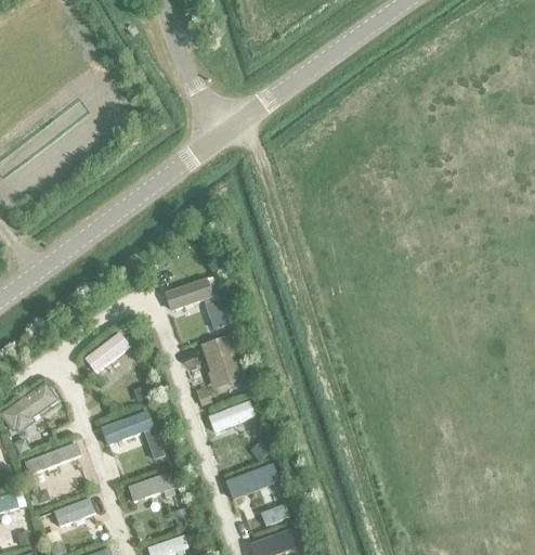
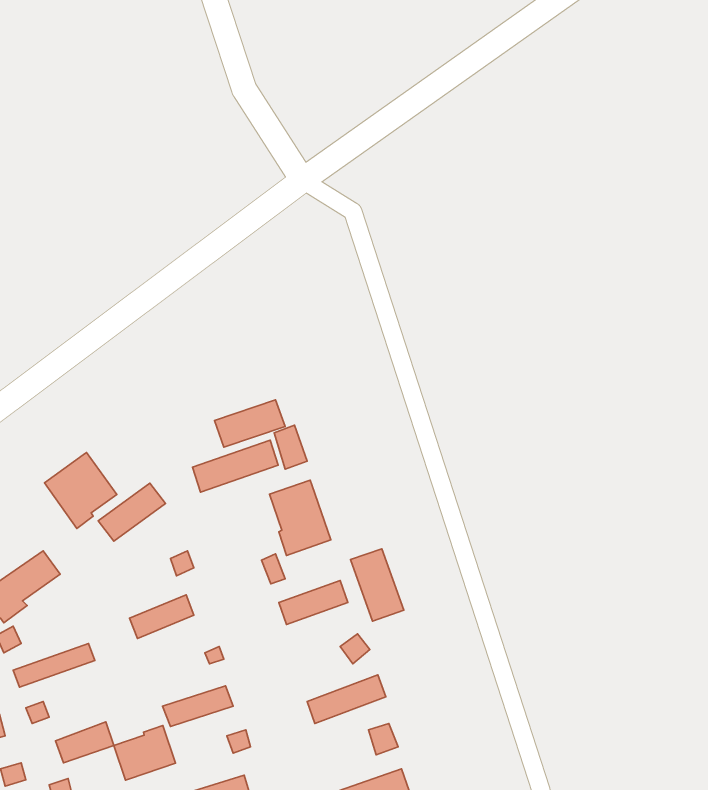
building: none -> [193,440,278,492]
building: none -> [44,452,117,528]
building: none -> [350,549,404,621]
building: none -> [114,725,175,780]

